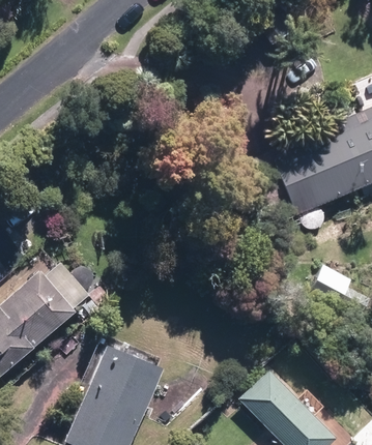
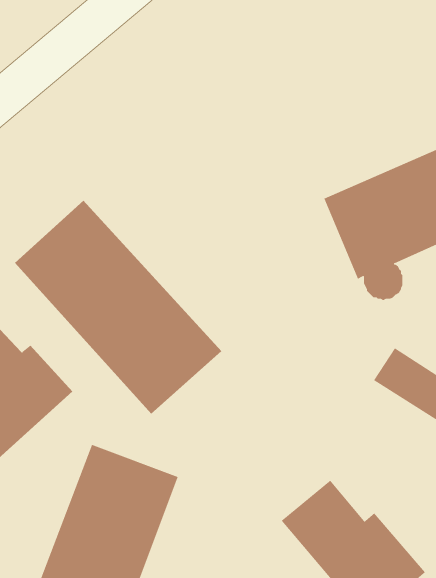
building: none -> [14,200,222,415]

